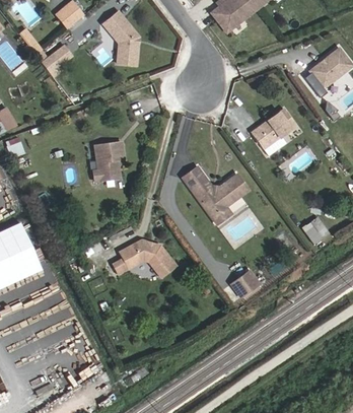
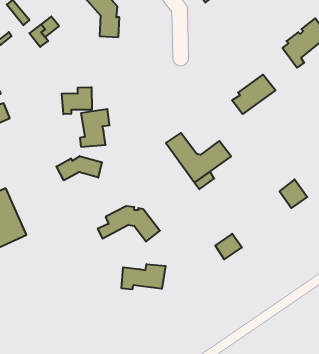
building: none -> [62,87,92,114]
building: none -> [56,156,102,180]
building: none -> [122,264,166,289]

